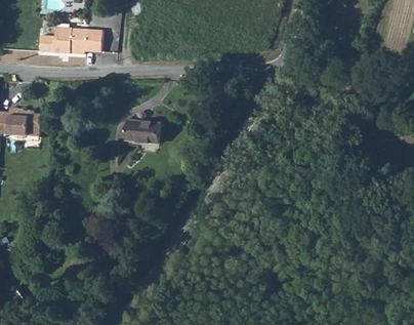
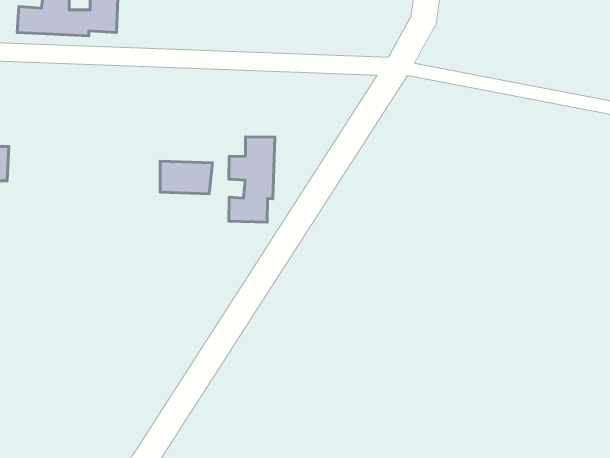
building: none -> [229,137,275,222]

